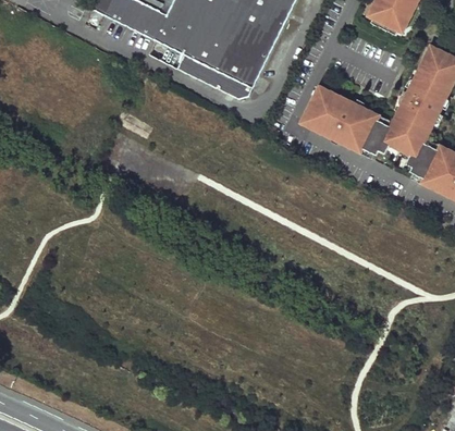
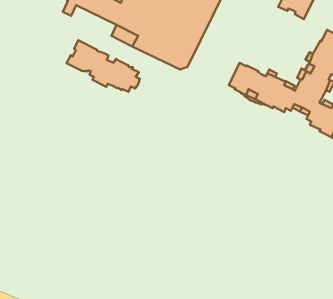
building: none -> [67,40,140,92]

